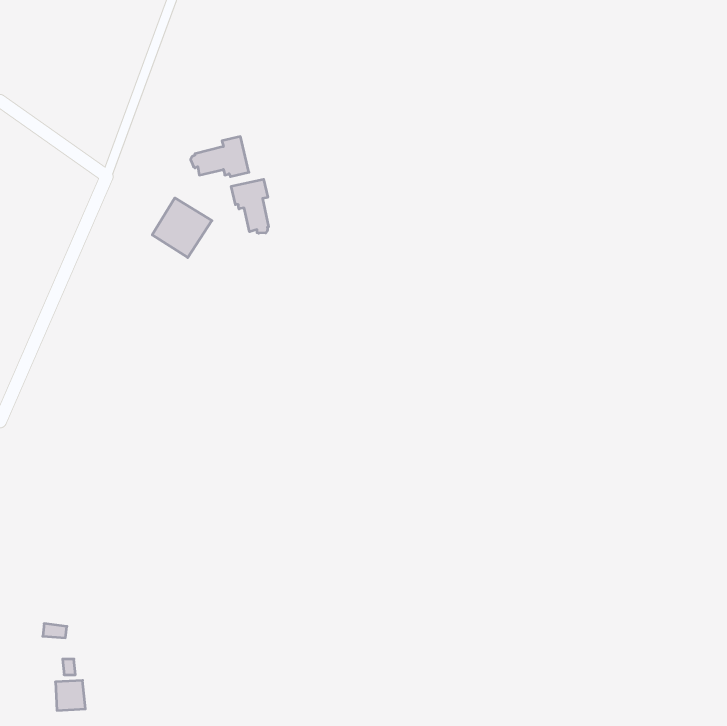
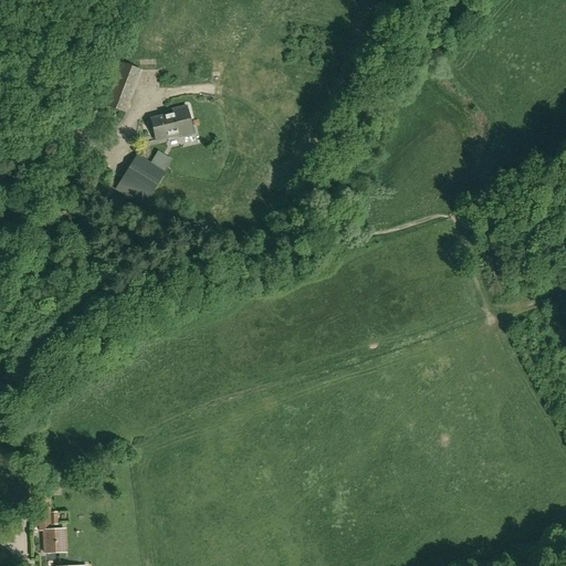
building: none -> [105,63,142,112]
building: [231,179,269,233] -> none

